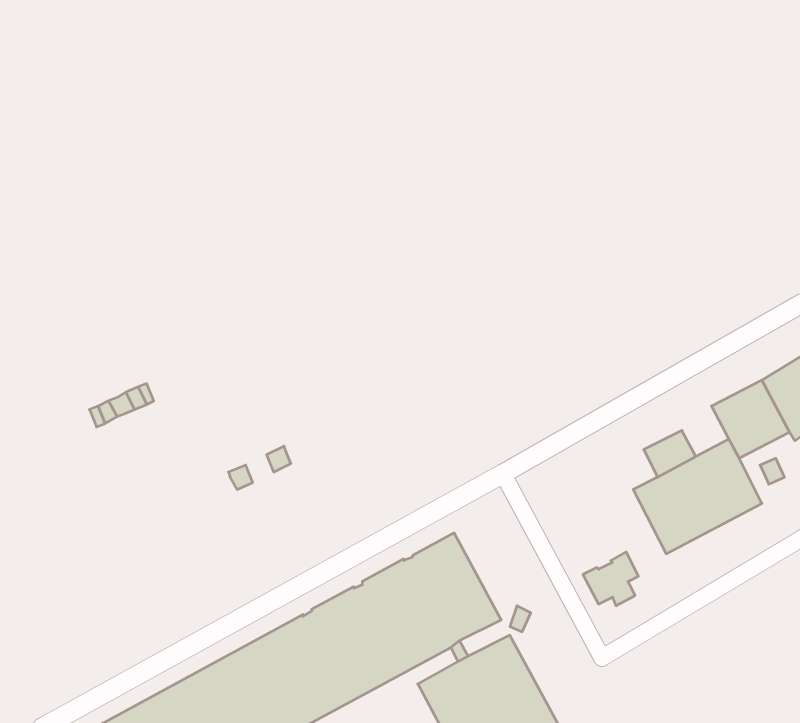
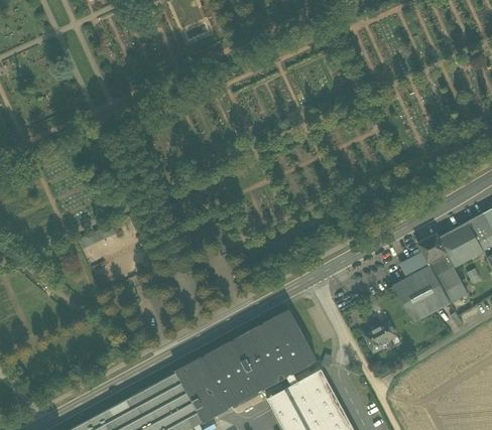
building: none -> [416,235,448,267]

